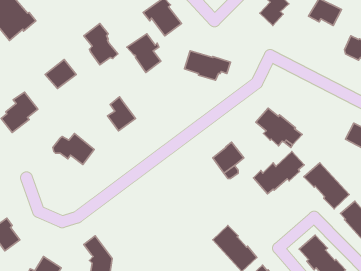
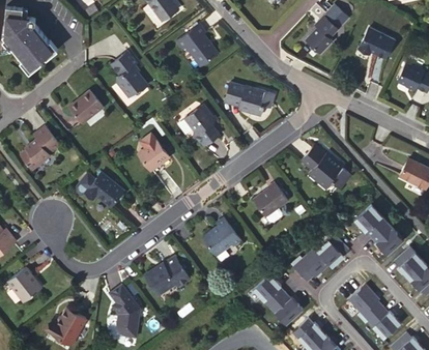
building: [127,34,161,72] -> [181,104,219,146]
building: [253,152,304,194] -> [291,235,347,282]
building: none -> [202,218,240,256]
building: none -> [146,258,192,297]

